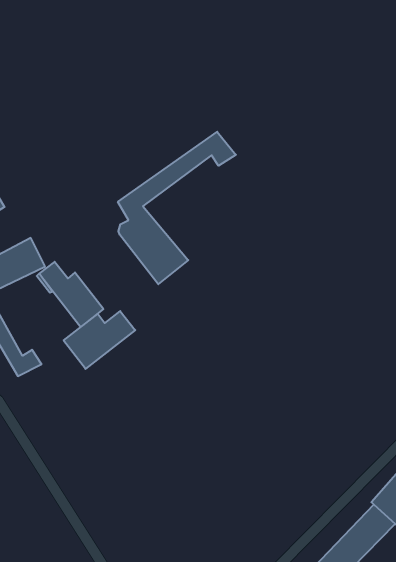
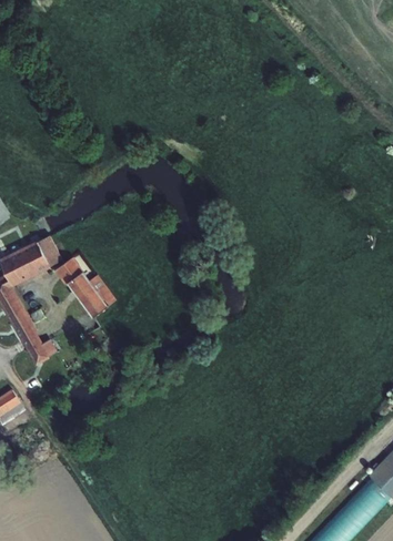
building: [118,132,236,284] -> none
building: [64,311,135,369] -> none

